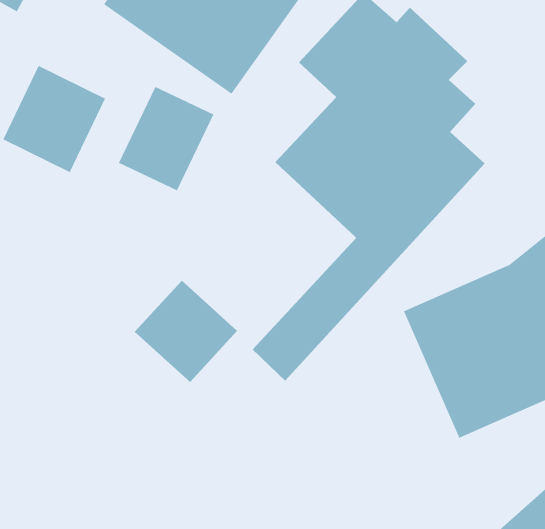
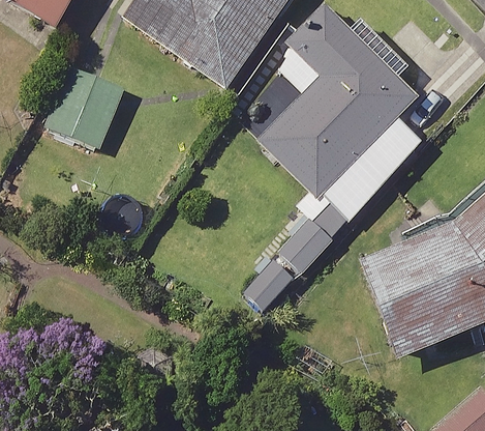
building: [118,86,214,191] -> none
building: [134,280,238,383] -> none

